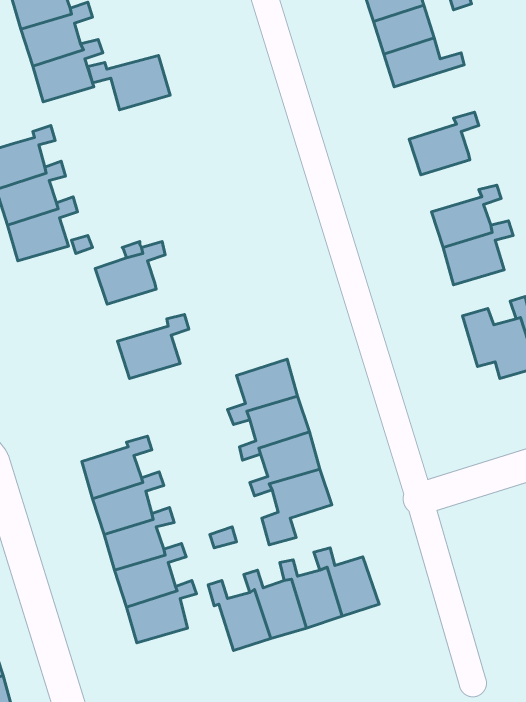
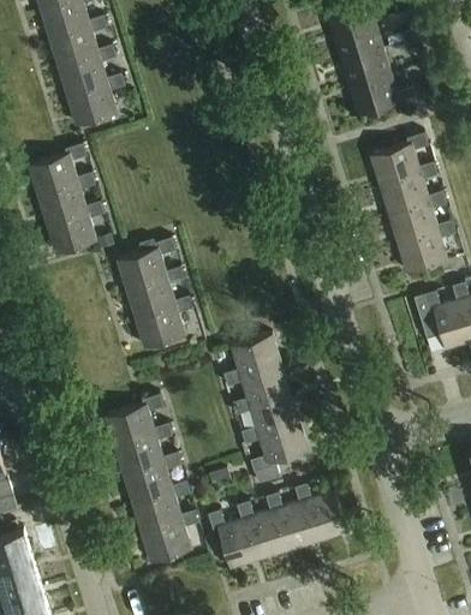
building: [88,56,170,110] -> none
building: none -> [380,162,435,214]
building: none -> [126,267,183,318]

